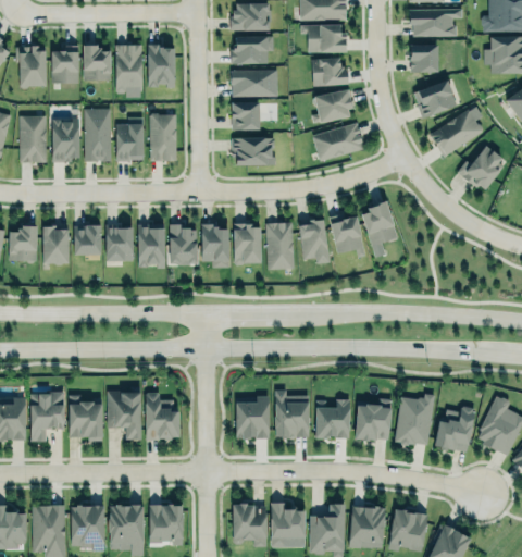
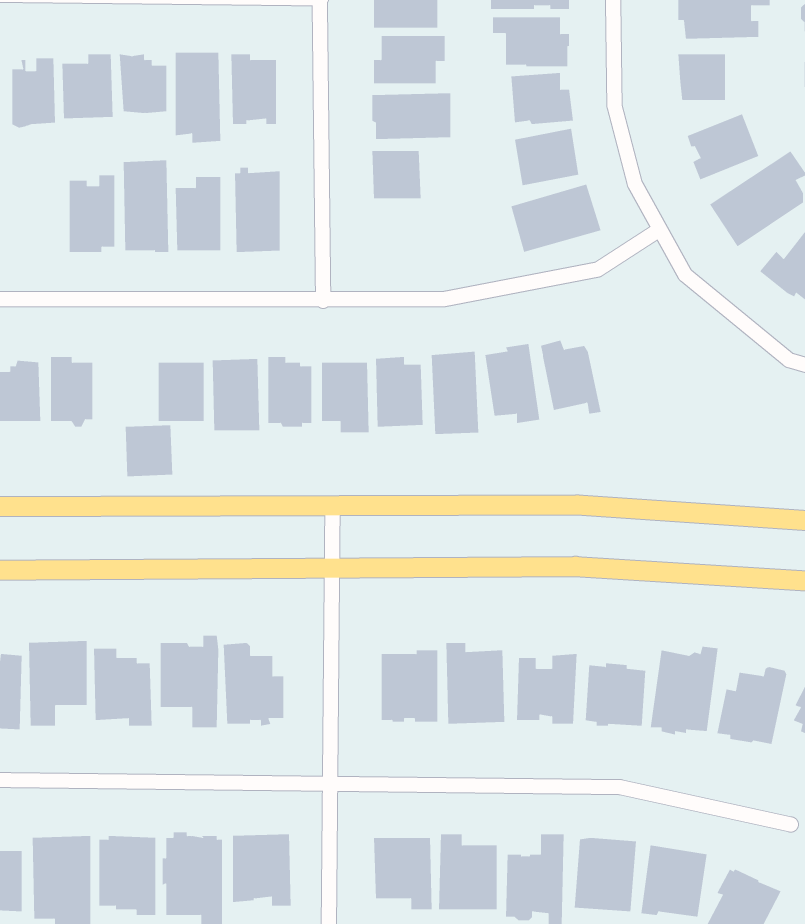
building: [20,115,48,162] -> none
building: [234,137,276,166] -> none
building: [361,200,398,248] -> none
building: [73,225,101,256] -> [125,425,173,477]

